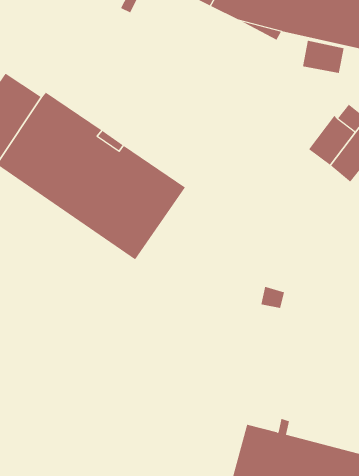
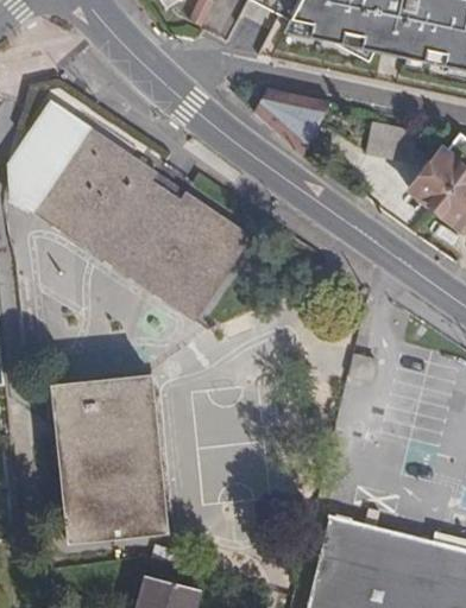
building: [302,40,345,73] -> [363,125,413,164]
building: none -> [250,90,325,151]
building: none -> [53,378,171,545]

